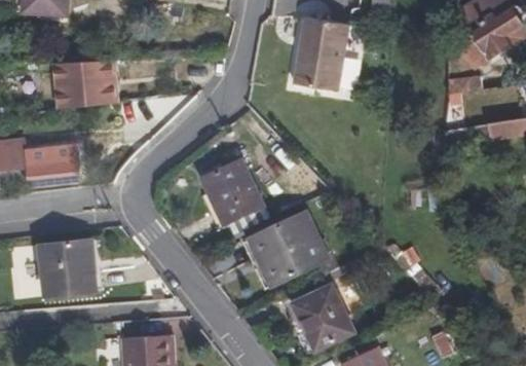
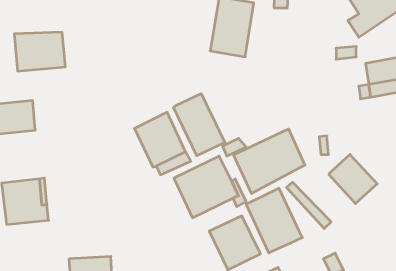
building: none -> [174,94,225,156]
building: none -> [234,129,305,194]
building: none -> [329,154,377,204]
building: none -> [246,188,302,253]

